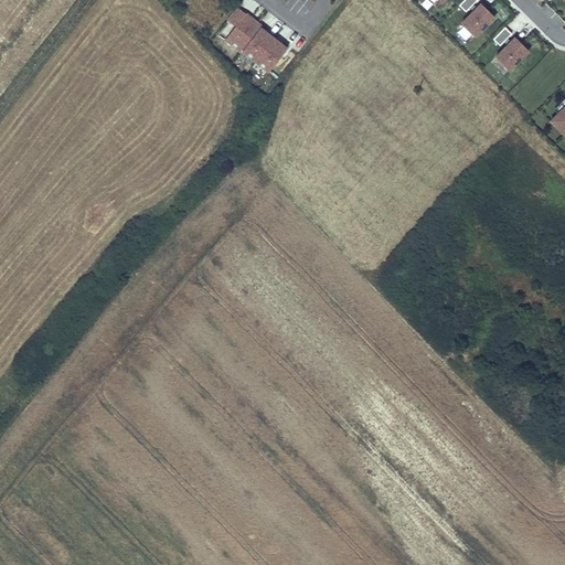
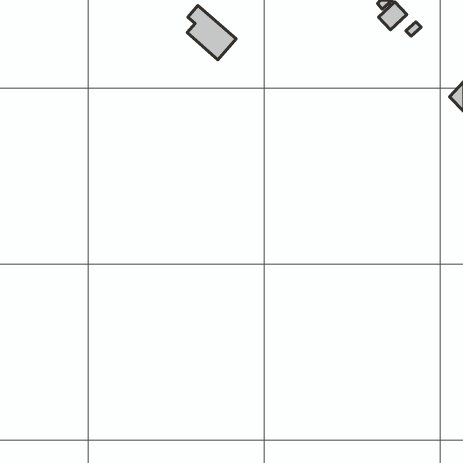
building: [495,34,530,70] -> none

